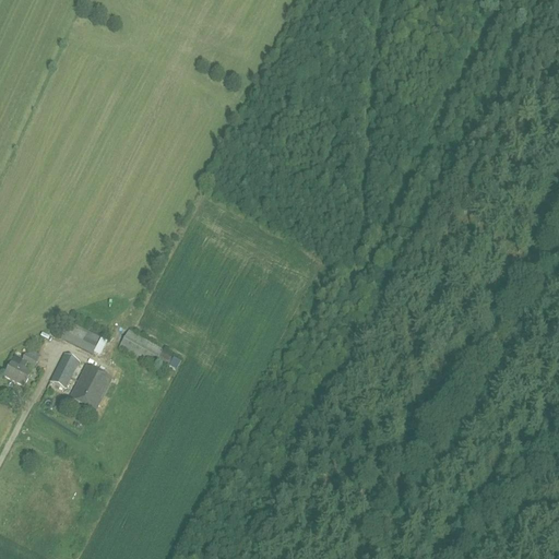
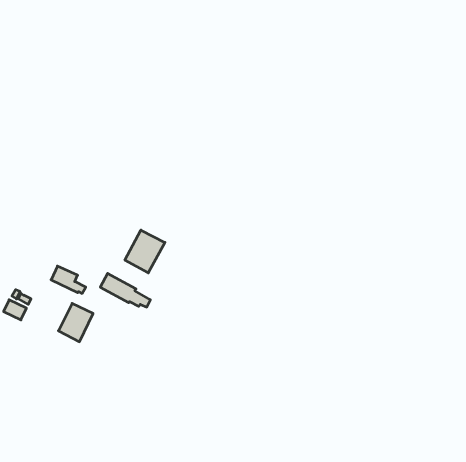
building: none -> [125,230,165,273]
building: [51,352,79,386] -> none

